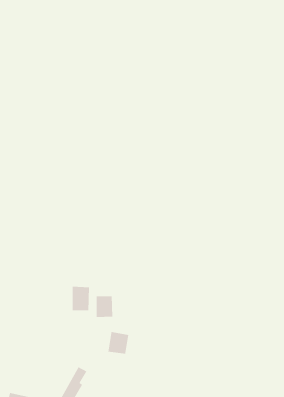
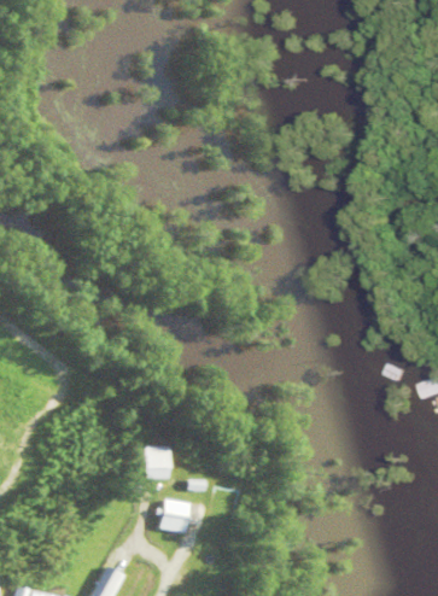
building: [72,286,90,311] -> none

